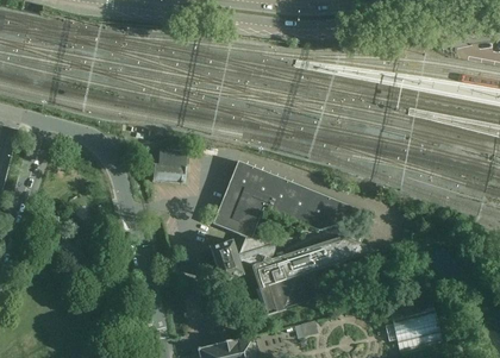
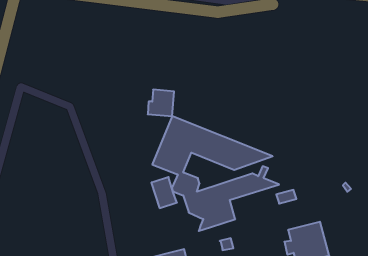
building: [152,149,187,183] -> [148,90,174,116]

